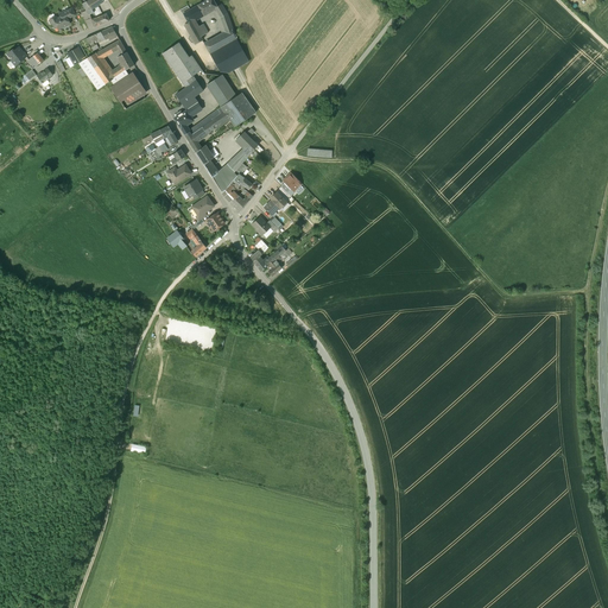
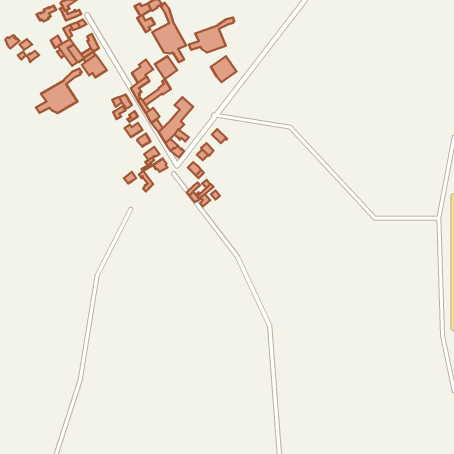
building: none -> [189,18,235,53]
building: [163,42,201,87] -> none
building: none -> [36,68,82,113]
building: [220,91,254,126] -> [211,56,237,82]

